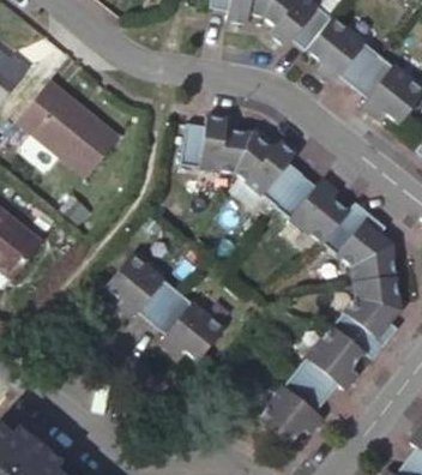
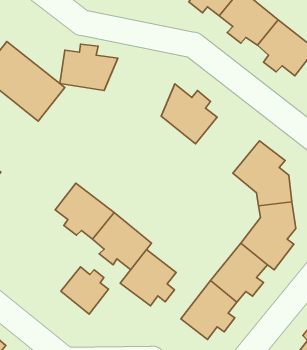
building: [181,115,252,172] -> [60,44,118,90]
building: [277,173,349,241] -> none
building: none -> [120,250,176,306]
building: none -> [61,267,109,314]

